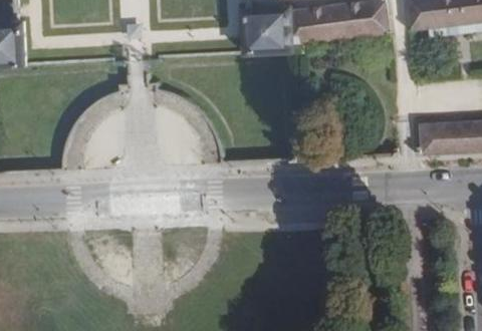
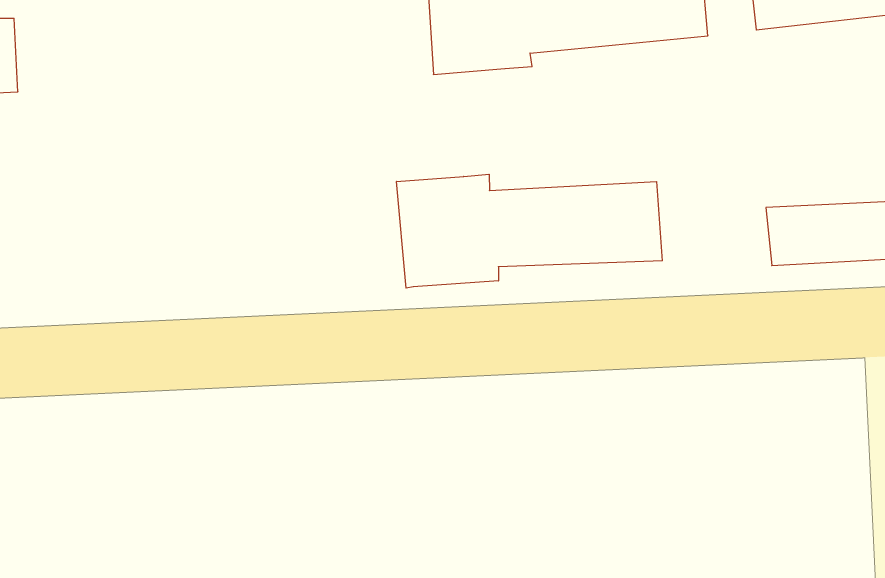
building: none -> [397,174,662,288]

